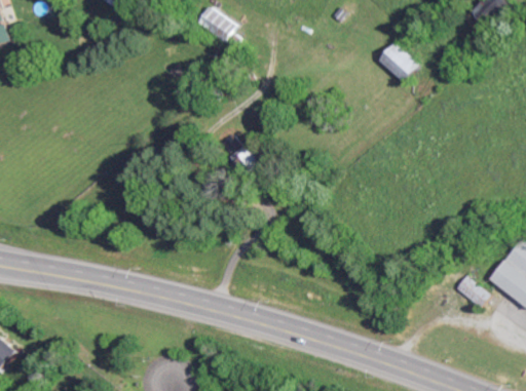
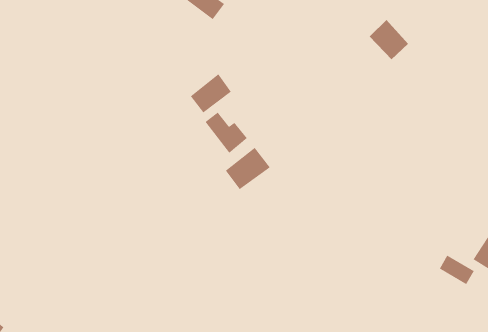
building: none -> [190,73,232,113]
building: none -> [225,147,271,190]

